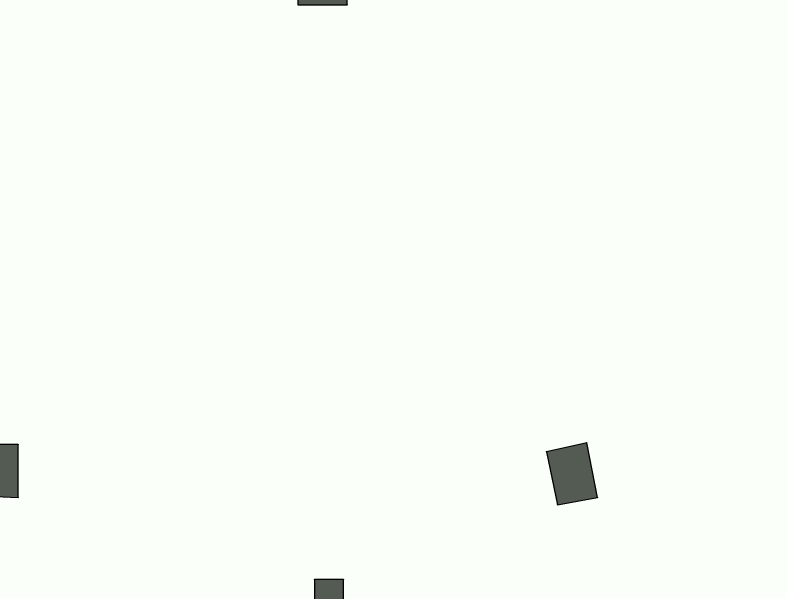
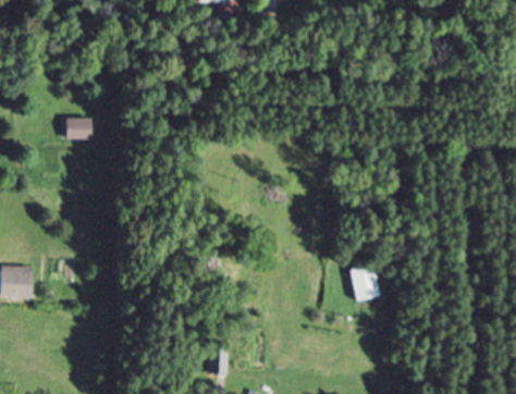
building: none -> [69,118,98,139]

